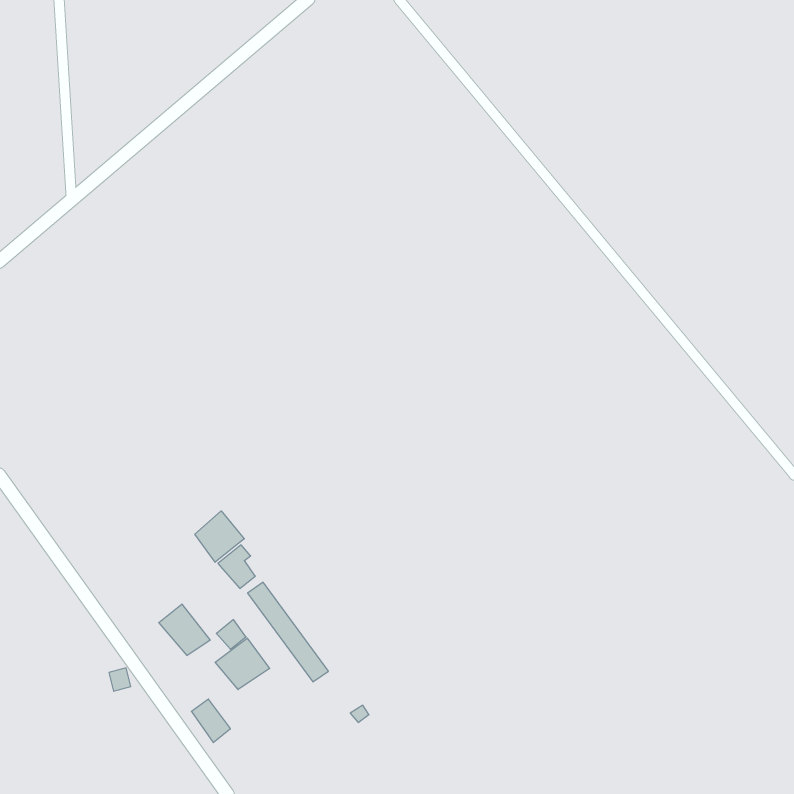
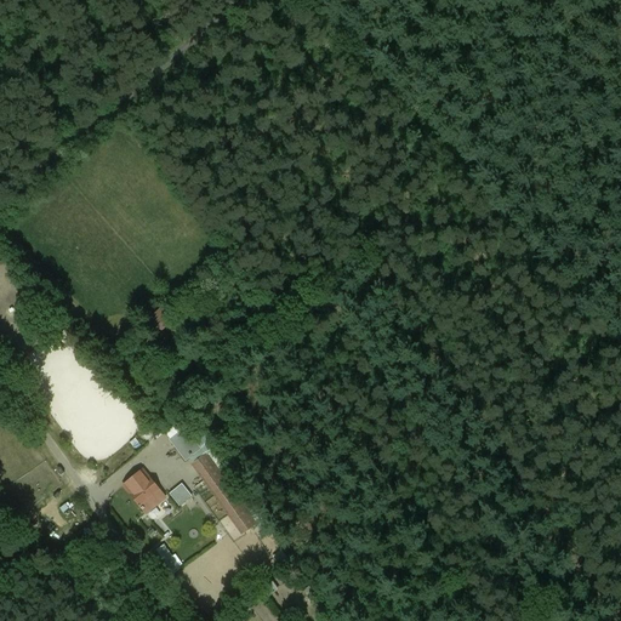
building: [195,511,244,562] -> none
building: [215,638,270,690] -> none

